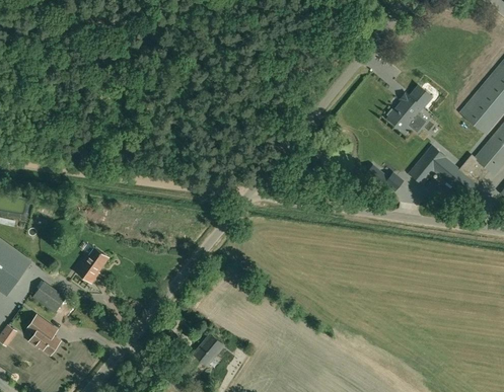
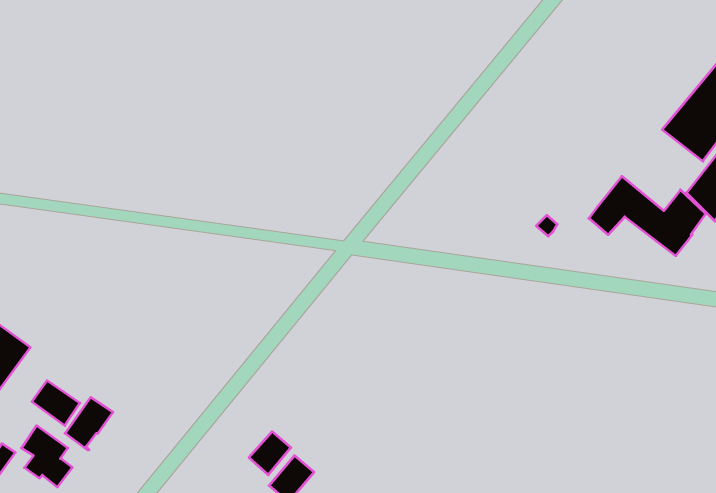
building: [386,86,432,134] -> none
building: [76,248,109,284] -> [65,397,113,450]
building: none -> [249,432,291,475]

